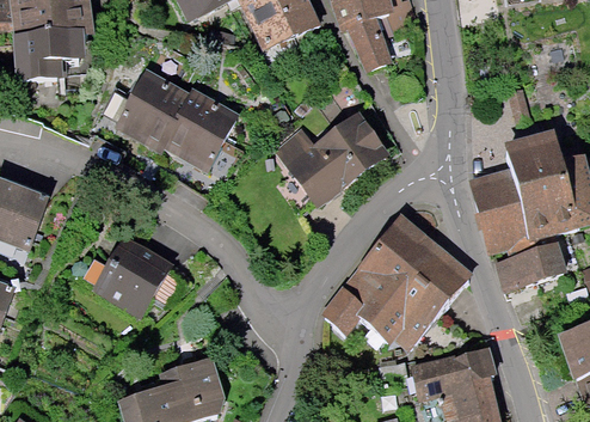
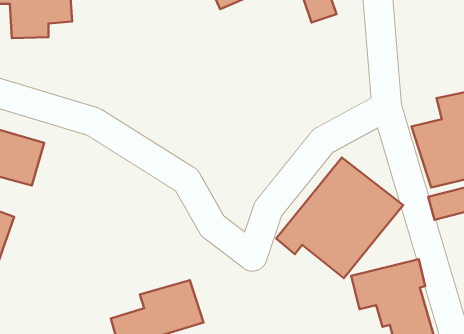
building: [111,69,236,181] -> none
building: [277,110,393,203] -> none
building: [99,243,180,324] -> none

